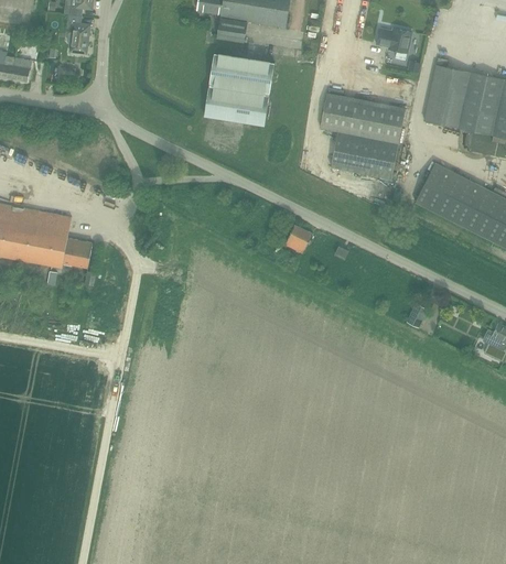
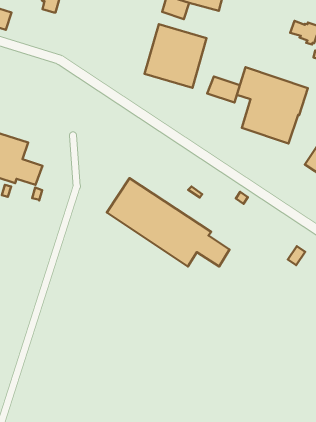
building: none -> [207,77,240,102]
building: [284,225,312,253] -> none
building: none -> [107,178,229,267]

